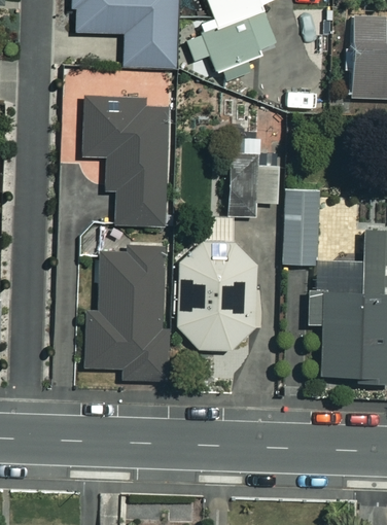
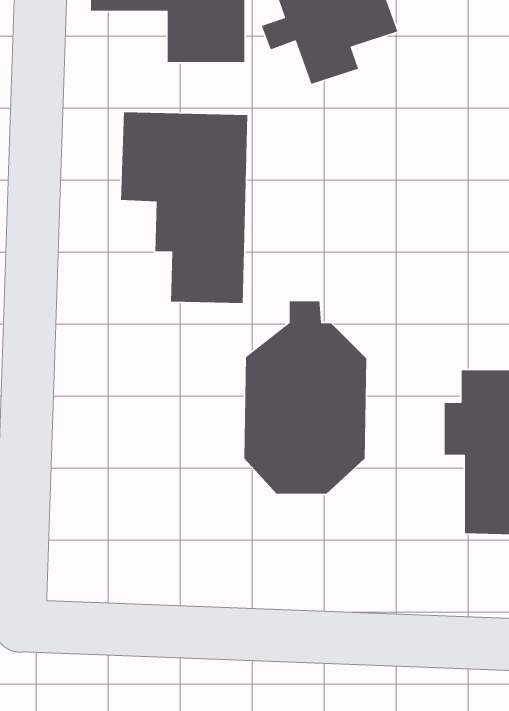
building: [226,137,279,218] -> none
building: [284,191,318,264] -> none
building: [86,251,167,379] -> none

